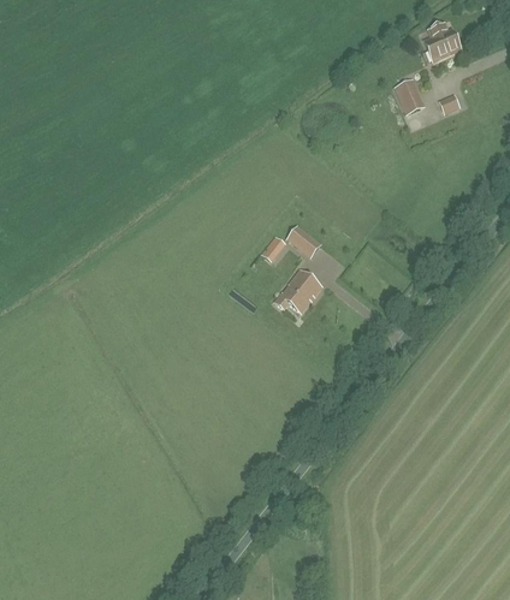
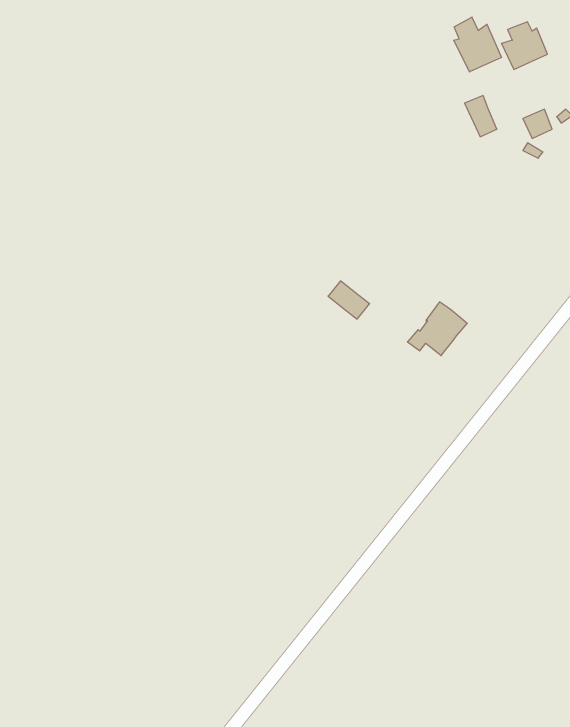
building: none -> [454,17,502,72]
building: [274,269,321,311] -> [407,302,467,356]

